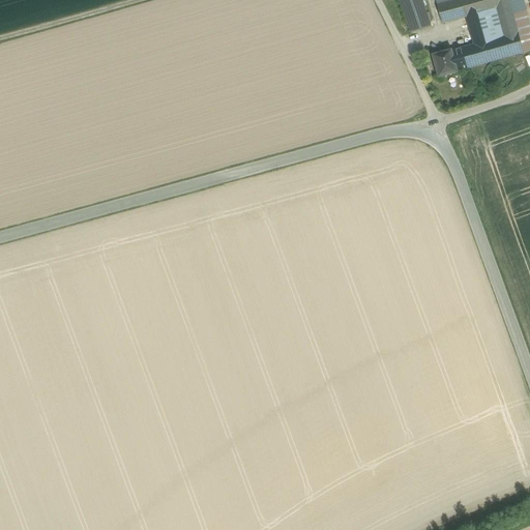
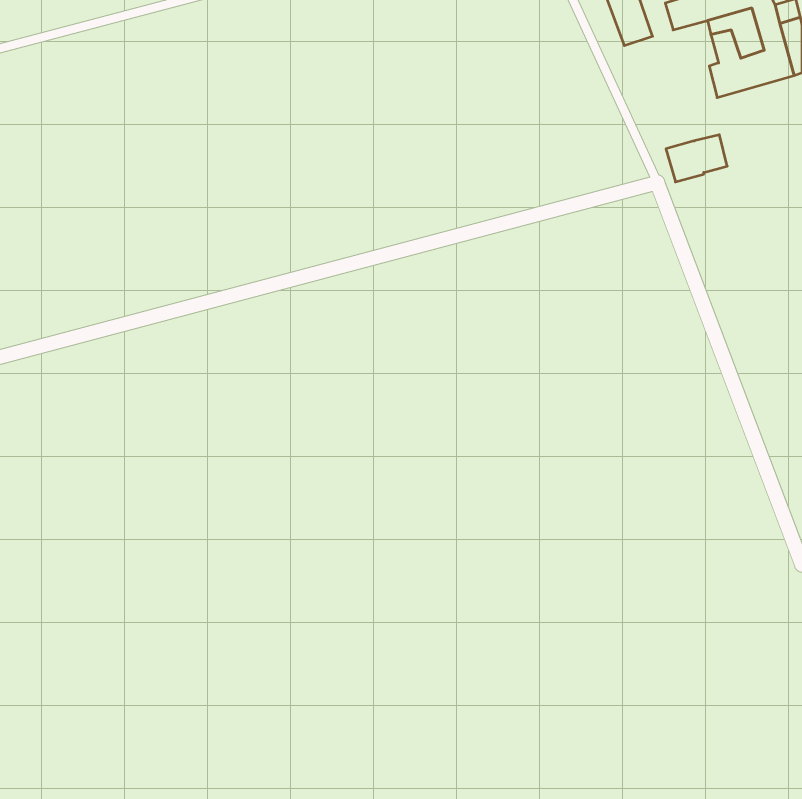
building: [432,43,472,75] -> [666,135,727,182]

